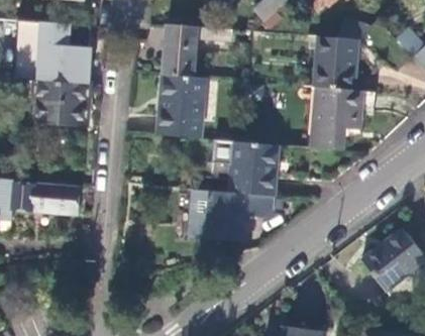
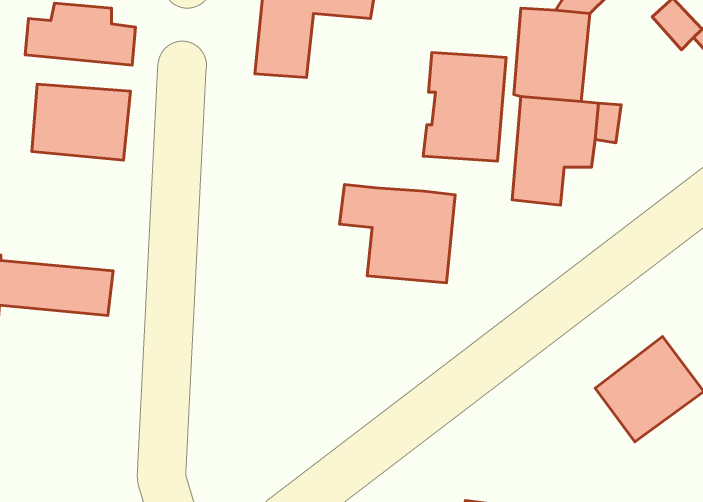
building: [156,74,205,137] -> [423,52,506,161]
building: [190,189,274,242] -> none

